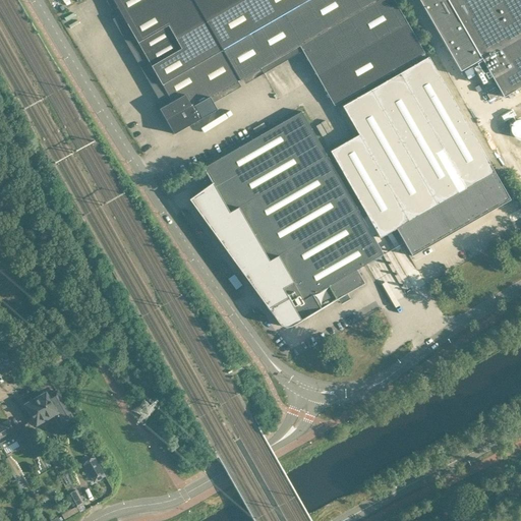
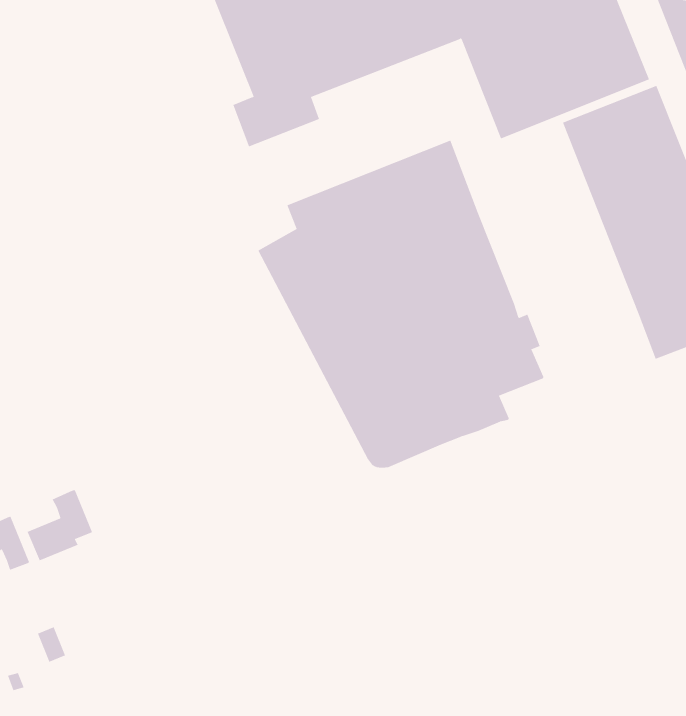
building: [331,90,453,256] -> none
building: none -> [27,489,93,561]

